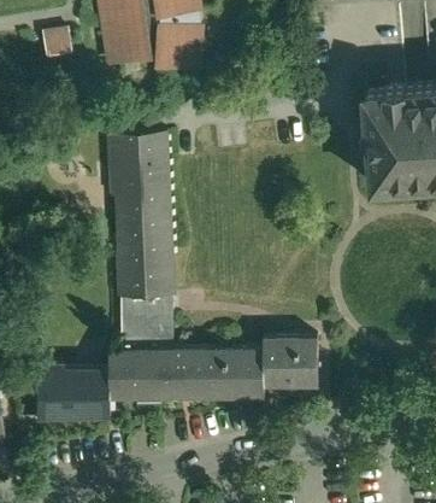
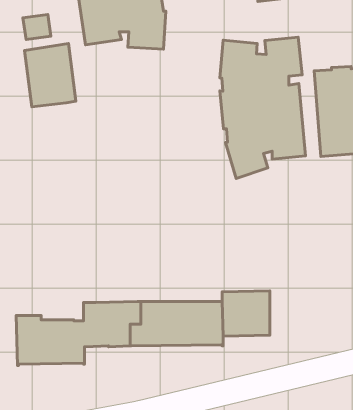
building: none -> [220,37,306,178]
building: none -> [24,43,76,107]
building: [107,130,175,351] -> none

